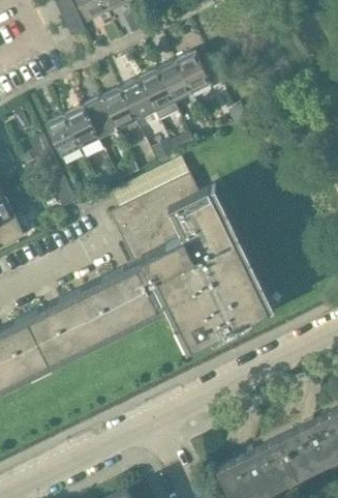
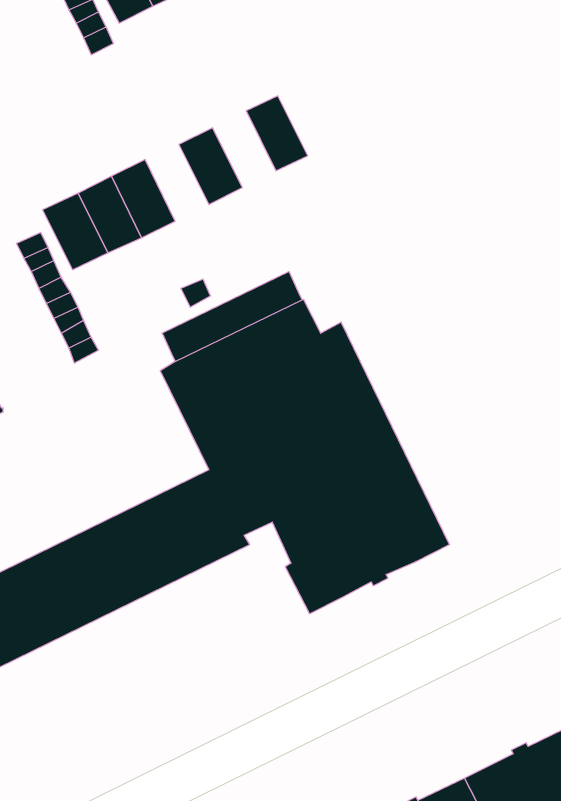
building: [176,51,212,94] -> none
building: [140,69,178,119] -> none
building: [102,88,137,130] -> none

